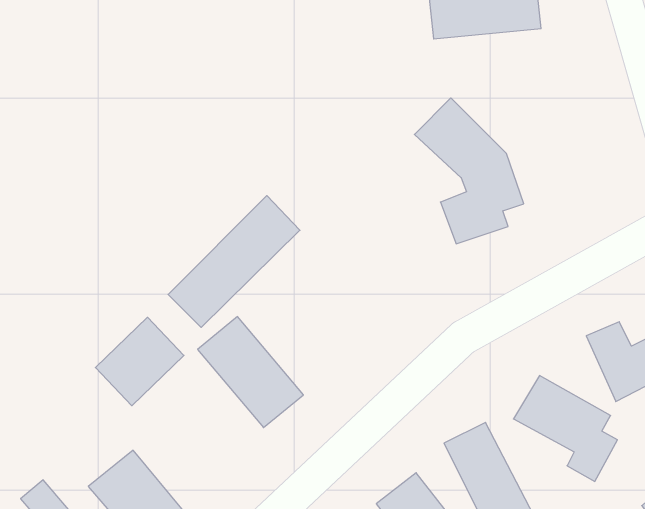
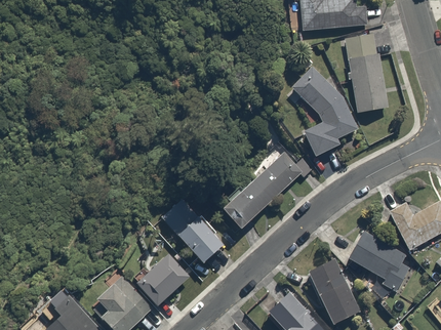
building: none -> [345,33,387,113]
building: [168,196,300,327] -> [224,151,302,229]
building: [95,317,184,406] -> [138,253,191,305]

